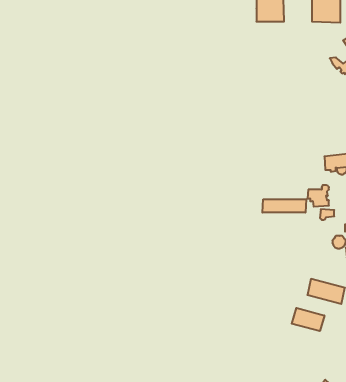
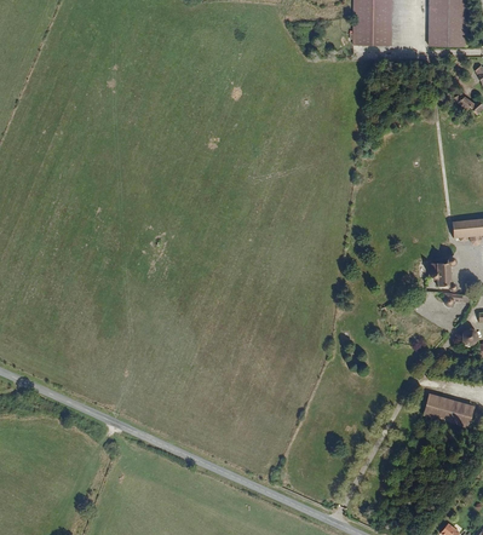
building: [262,199,306,213] -> none
building: [292,308,324,331] -> none

